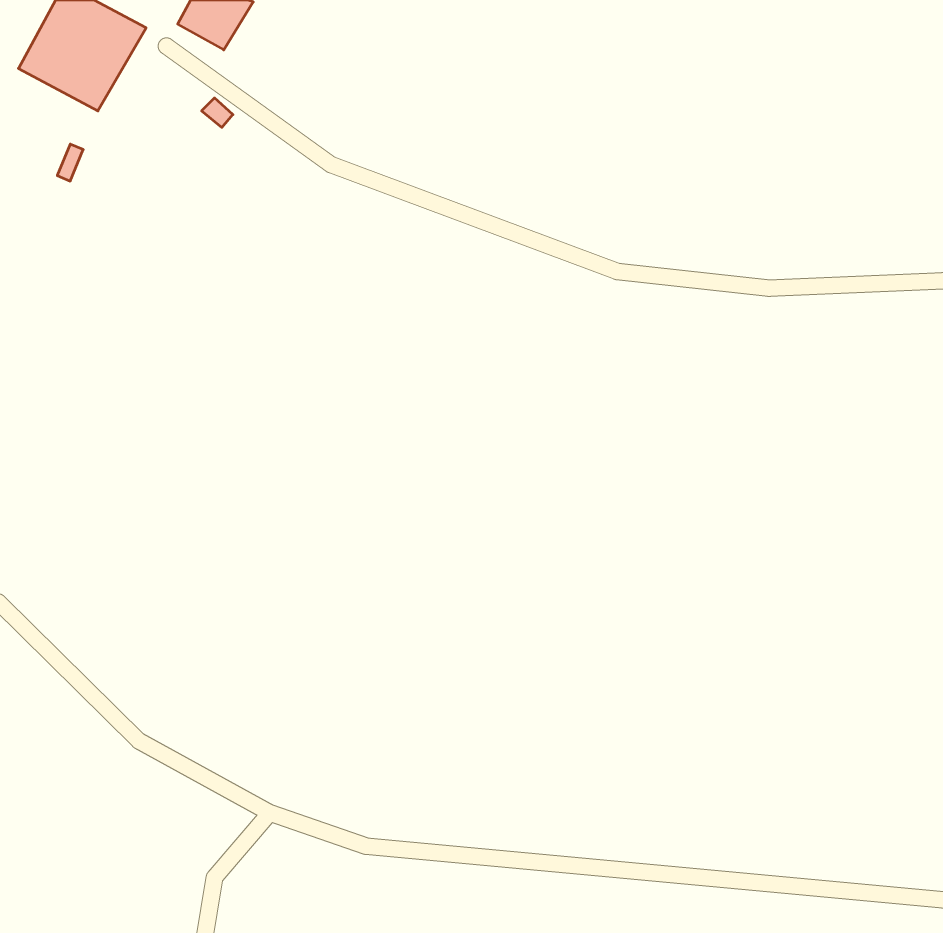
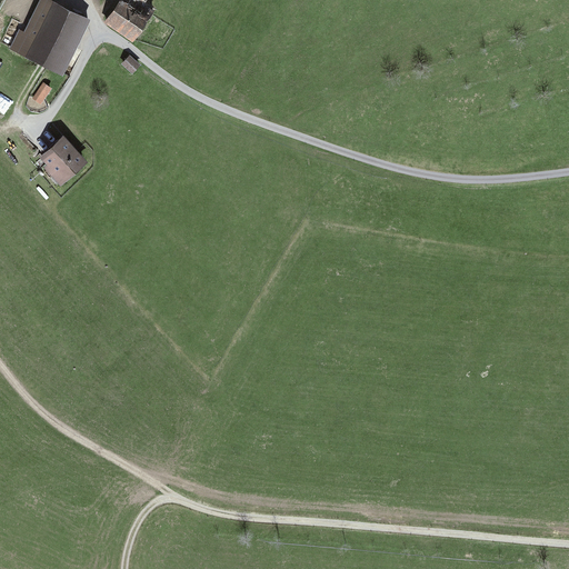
building: none -> [37,136,84,182]

